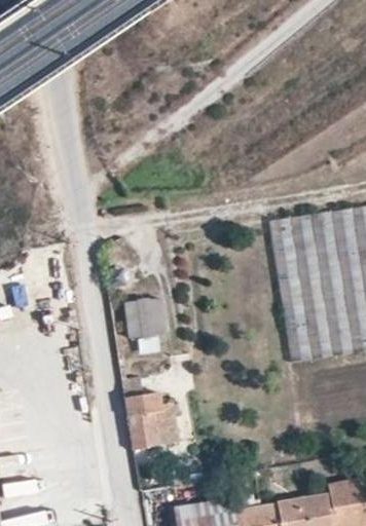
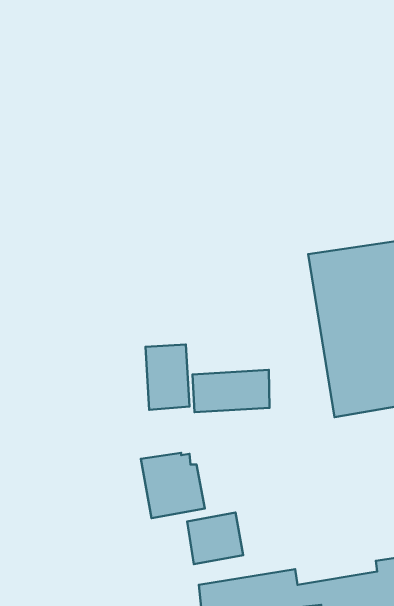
building: none -> [192,370,269,412]
building: none -> [187,513,243,564]

